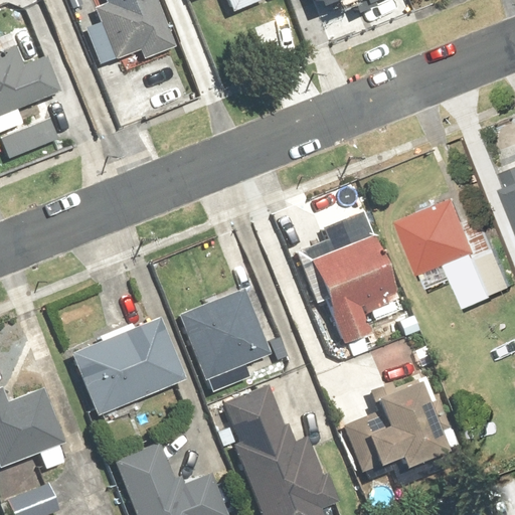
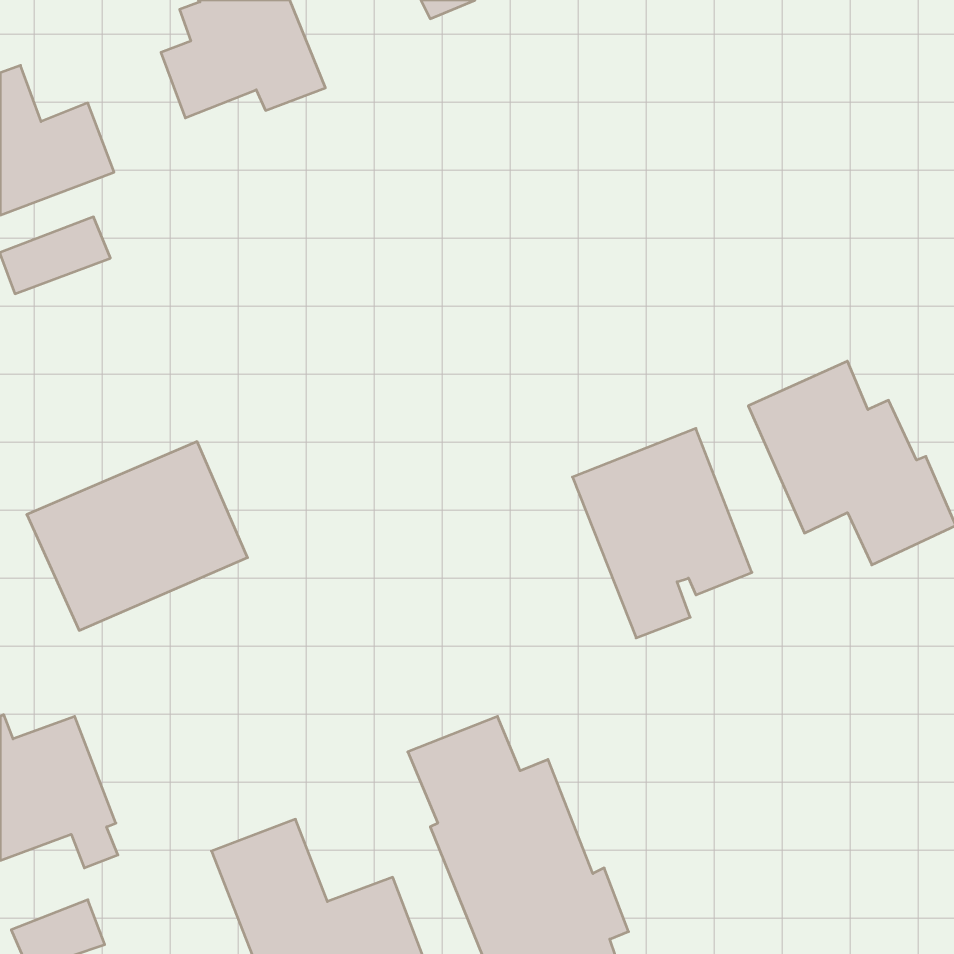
building: [179,289,270,388] -> none
building: [70,312,189,413] -> [27,442,248,630]
building: [342,377,449,466] -> none

